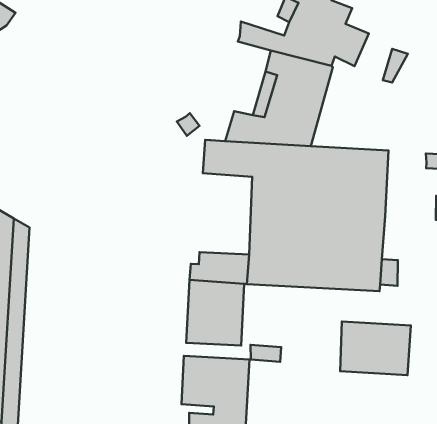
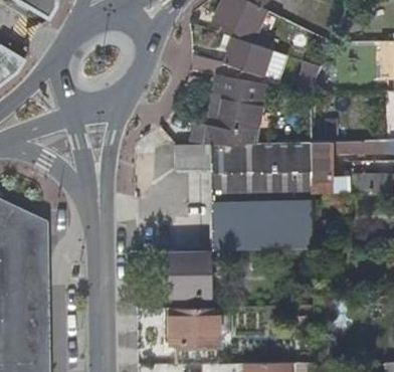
building: none -> [311,144,332,193]
building: [340,322,411,375] -> none

